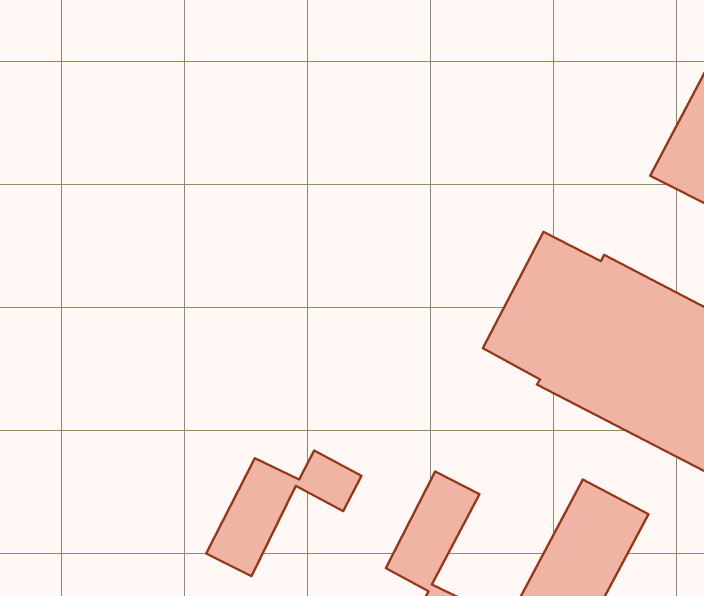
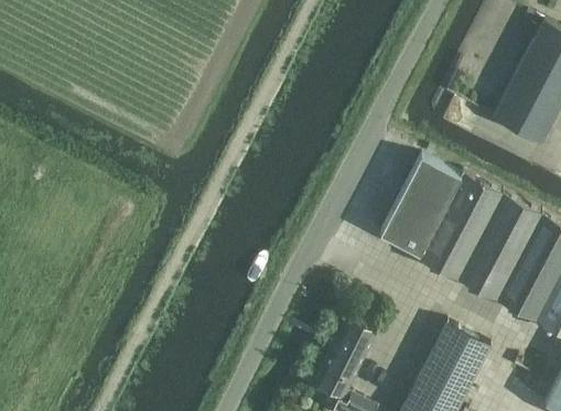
building: [206,450,361,576] -> none

